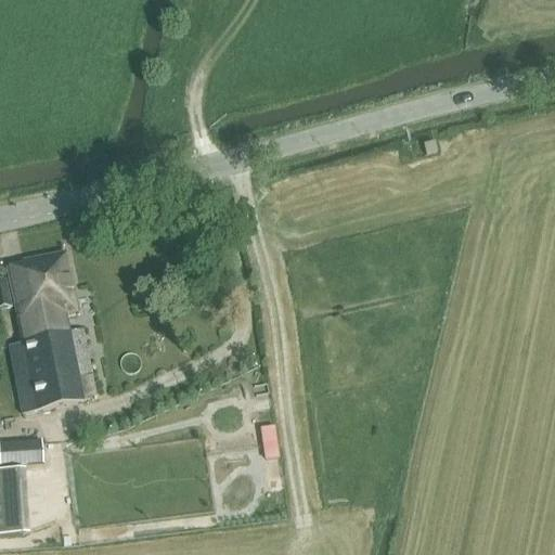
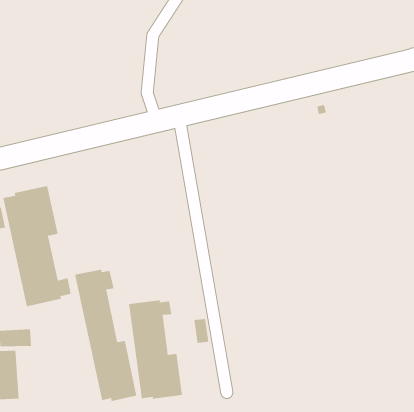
building: none -> [74,269,137,402]
building: none -> [128,299,182,400]

